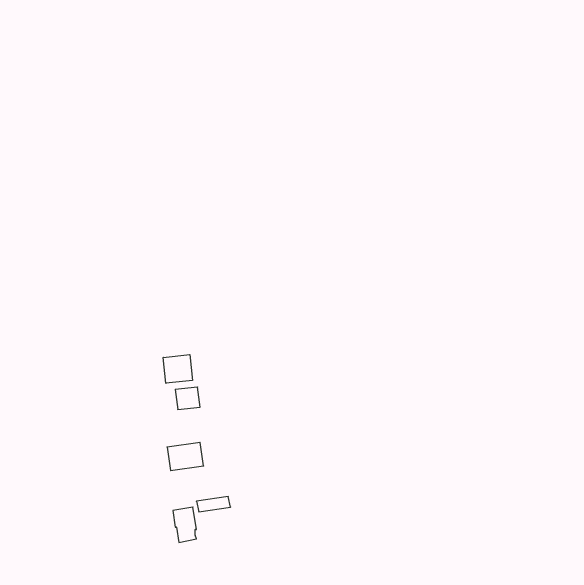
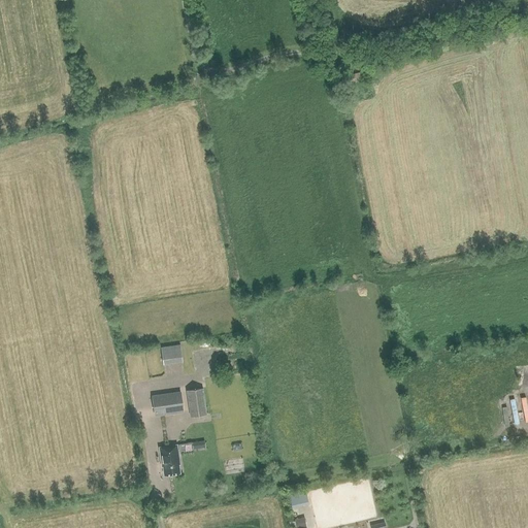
building: [163,355,192,383] -> none
building: none -> [187,389,207,417]

